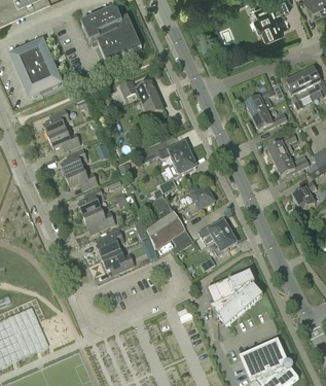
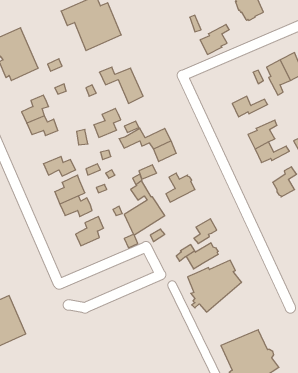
building: [245,86,274,116] -> [200,24,229,54]
building: [60,147,86,176] -> [94,108,121,137]
building: [198,219,230,245] -> [186,243,218,269]
building: [102,249,135,270] -> none

